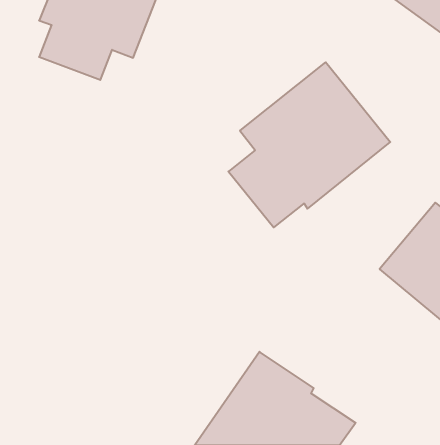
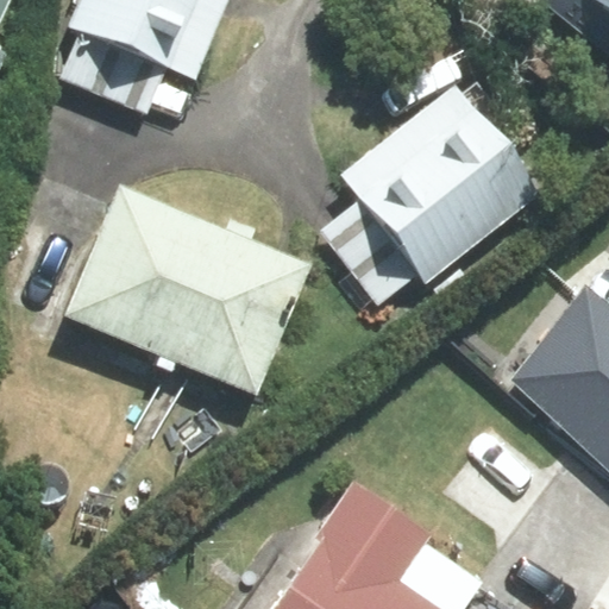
building: none -> [65,193,306,394]

